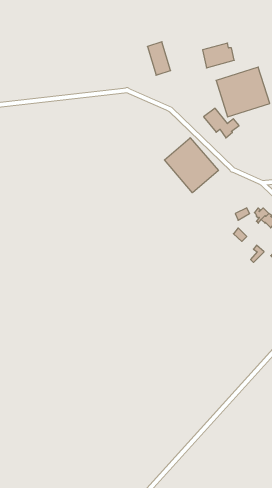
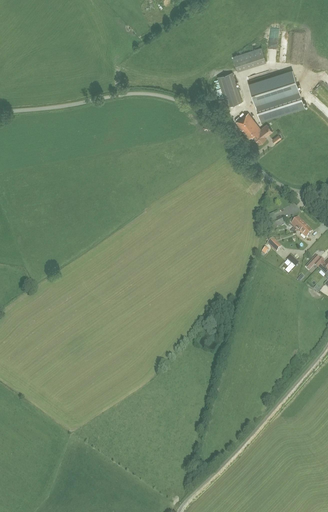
building: [147,42,171,75] -> [217,72,241,107]
building: [164,138,218,193] -> none

